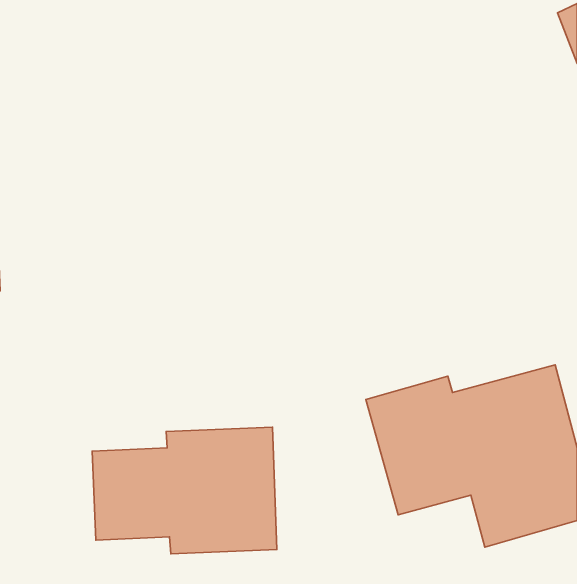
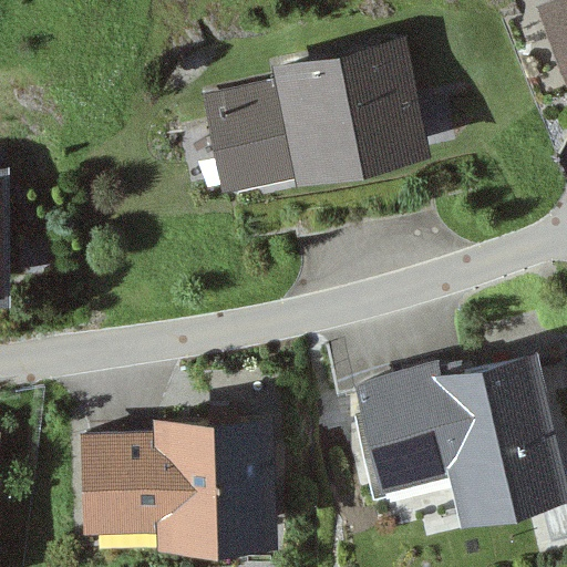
building: none -> [206,50,421,199]

